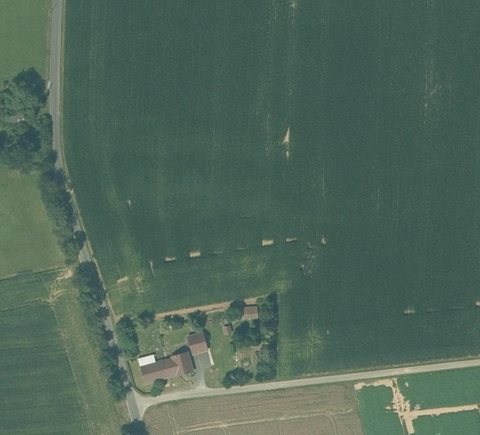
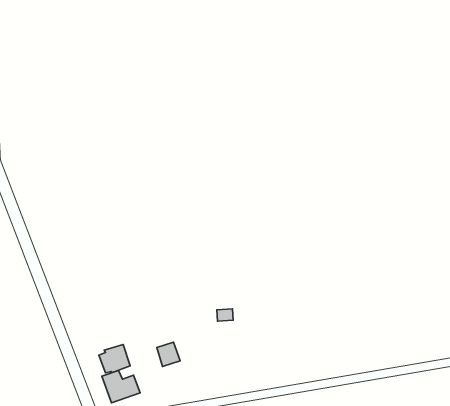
building: [166,352,193,376] -> [99,345,130,373]

